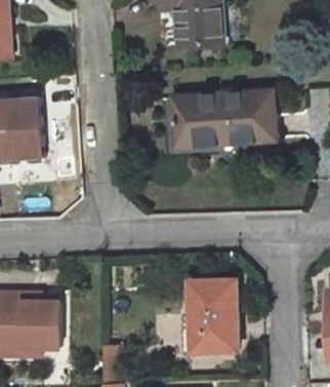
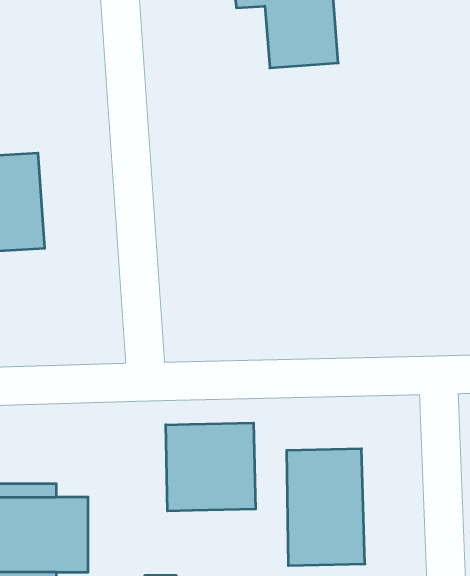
building: [173,92,272,143] -> none
building: none -> [166,423,256,511]

